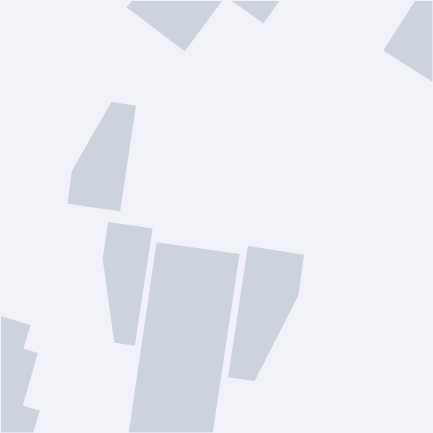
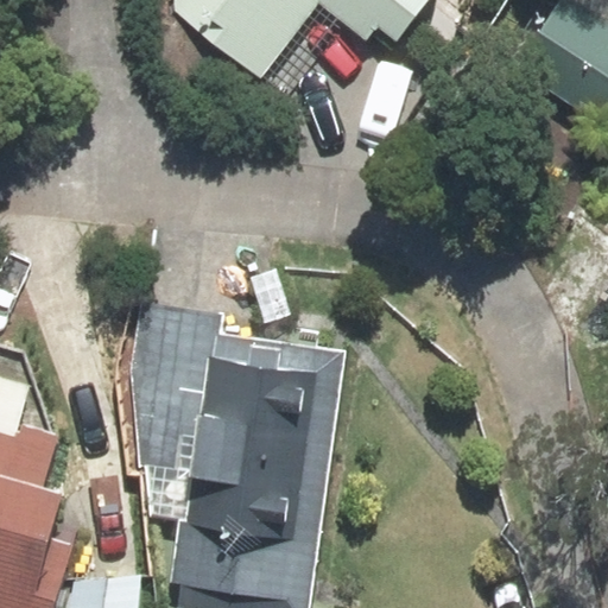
building: [66,101,137,212] -> none
building: [227,245,305,382] -> none

